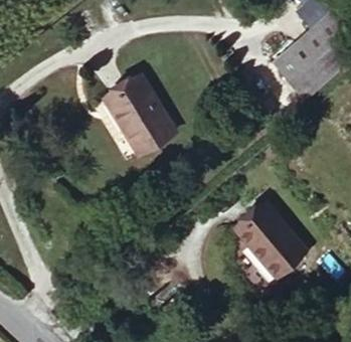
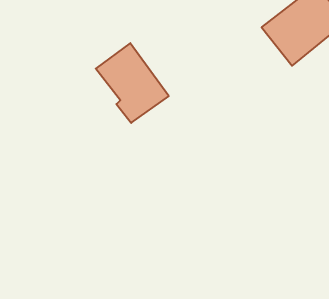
building: [232,201,305,277] -> none

